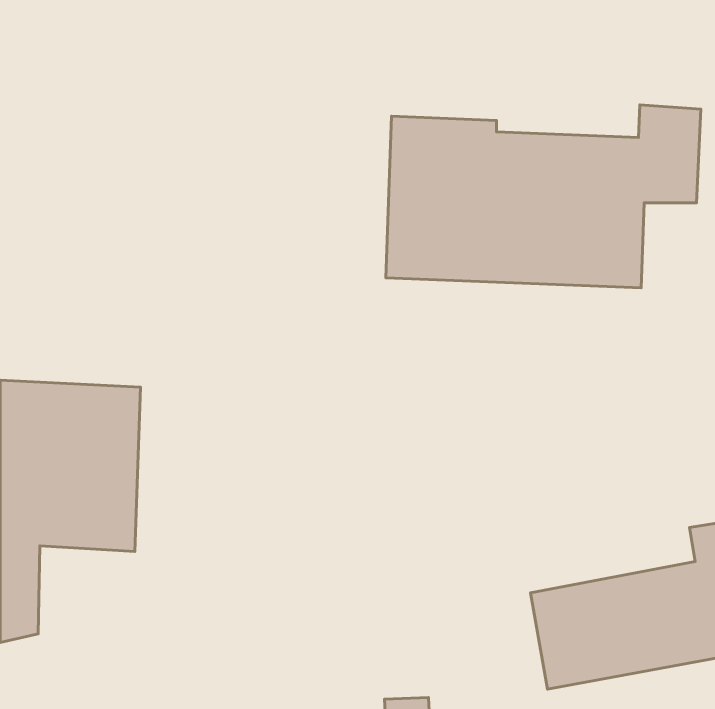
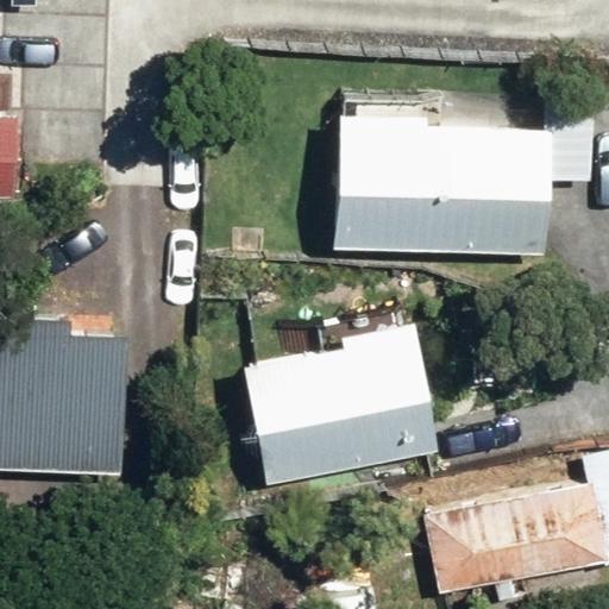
building: none -> [241,318,438,488]

